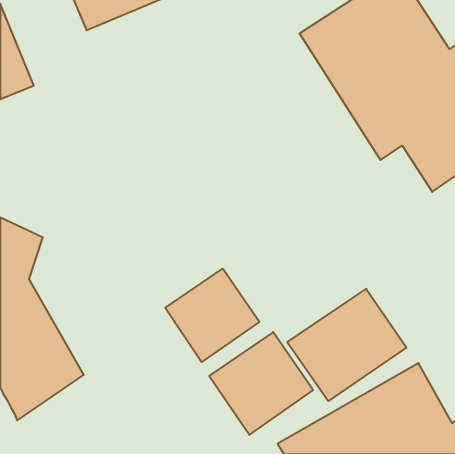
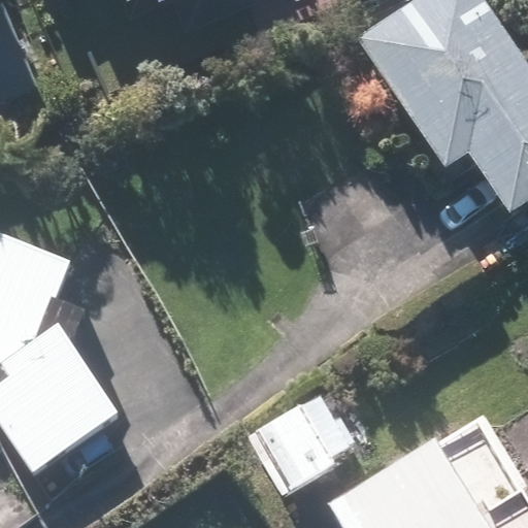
building: [165,269,259,362] -> none
building: [287,289,406,401] -> none

